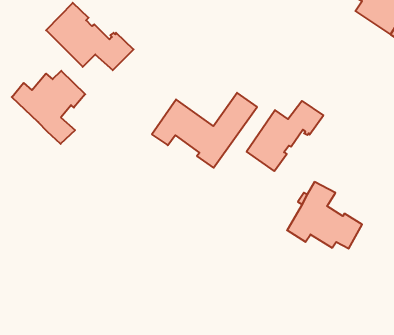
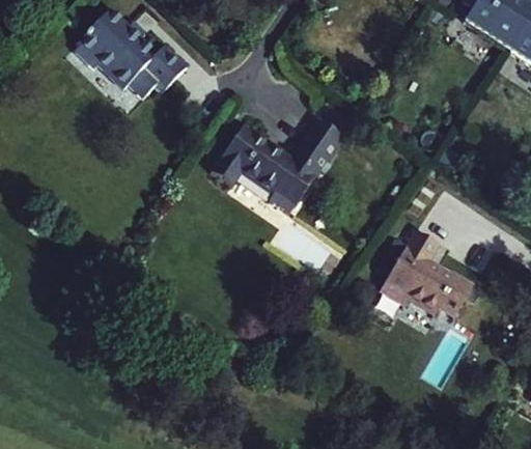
building: [12,71,85,144] -> none
building: [247,101,323,171] -> none

